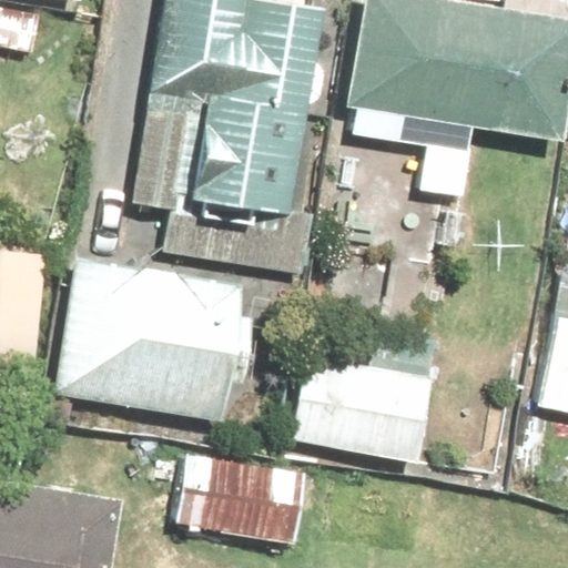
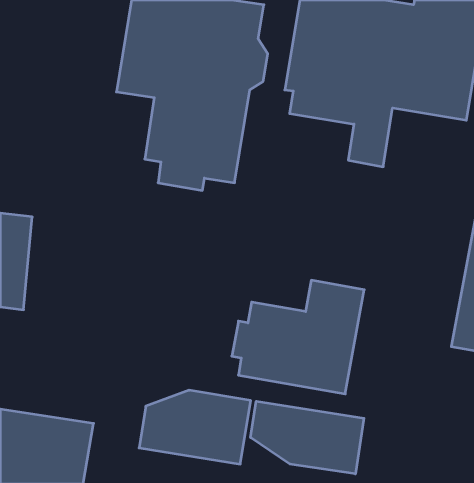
building: [54,255,254,422] -> none
building: none -> [251,401,364,474]

